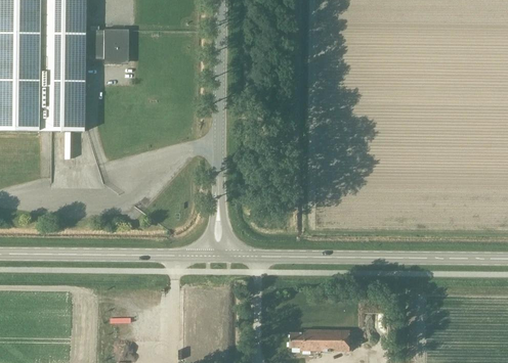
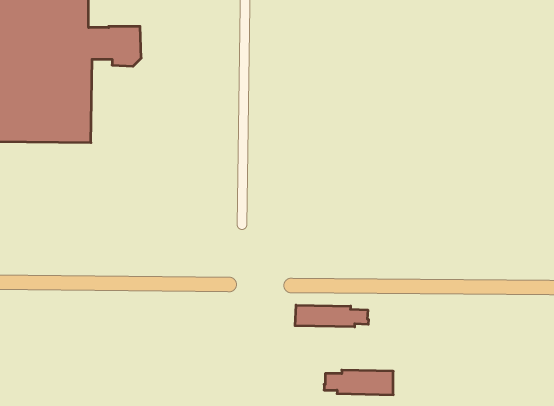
building: none -> [295,305,368,327]

